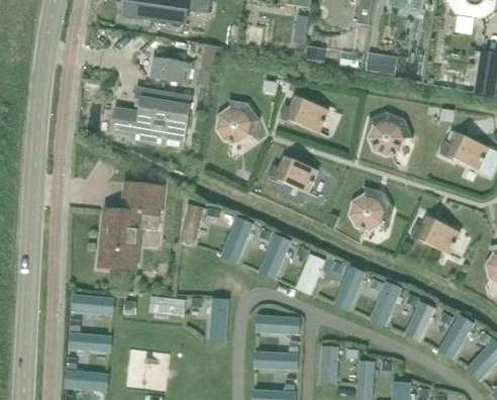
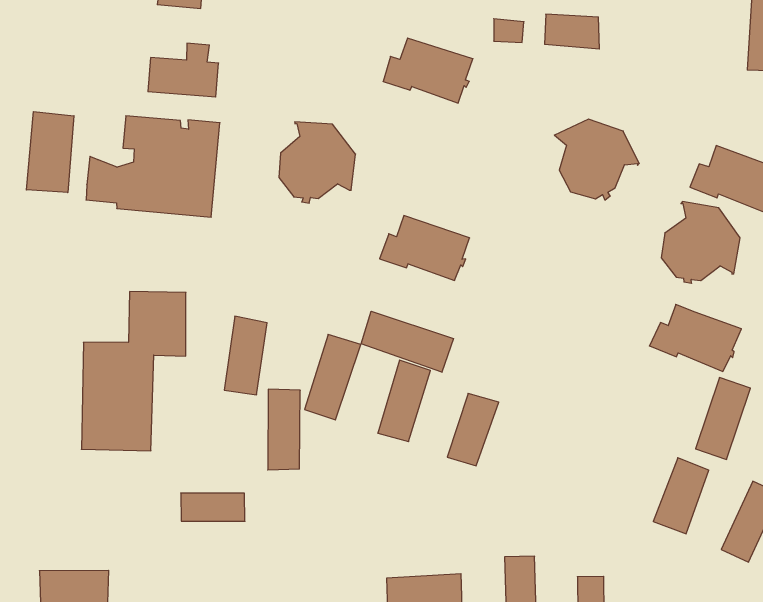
building: none -> [26,112,74,193]
building: [279,96,328,133] -> [383,38,473,103]
building: [350,187,393,231] -> [661,202,740,283]
building: none -> [361,311,454,372]
building: [335,262,367,306] -> none
building: [370,280,402,324] -> [696,378,750,459]
building: [71,293,113,313] -> none
building: [208,297,229,341] -> [268,389,300,470]
building: [256,313,298,332] -> none

